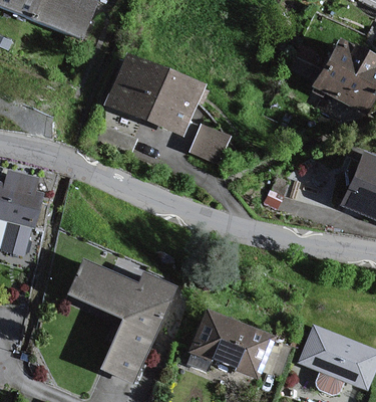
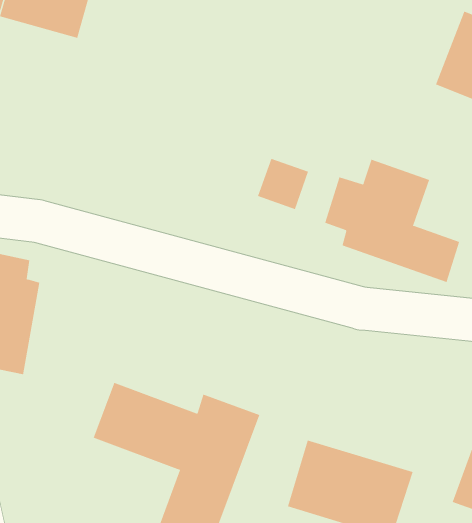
building: [105,56,198,132] -> none
building: none -> [325,159,460,283]

